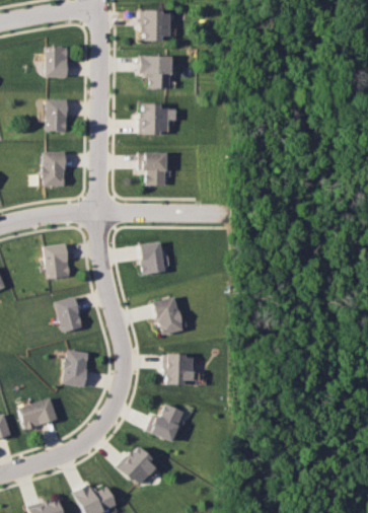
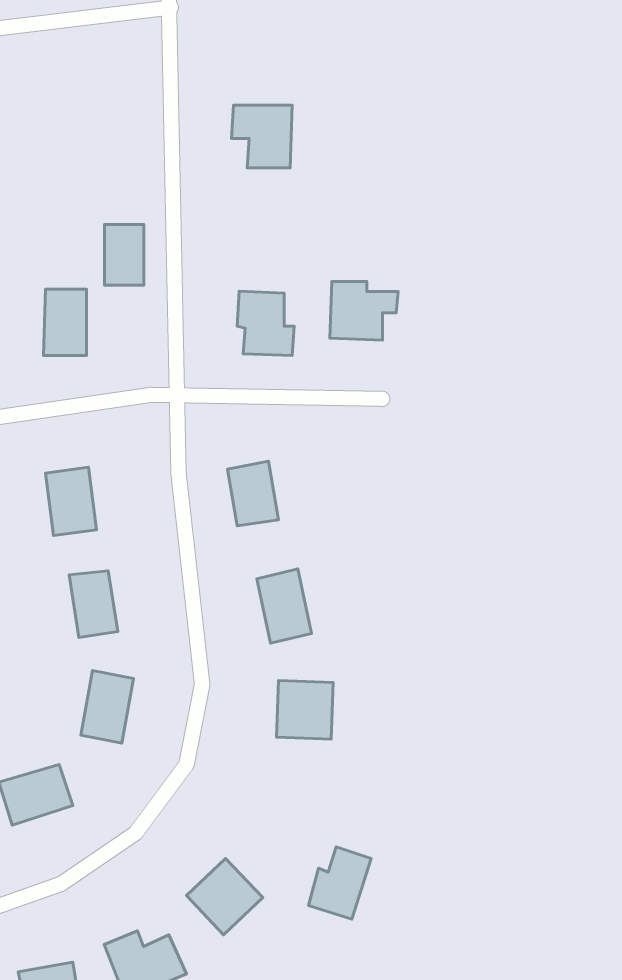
building: [142,11,170,41] -> none
building: [46,46,68,77] -> none
building: [47,99,67,131] -> [105,225,144,285]
building: [142,103,177,134] -> [330,282,398,340]
building: [150,404,182,441] -> [309,847,371,919]

